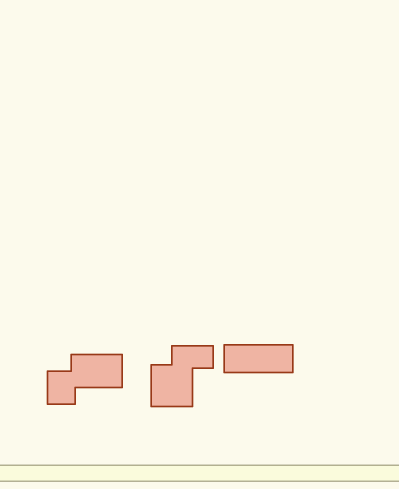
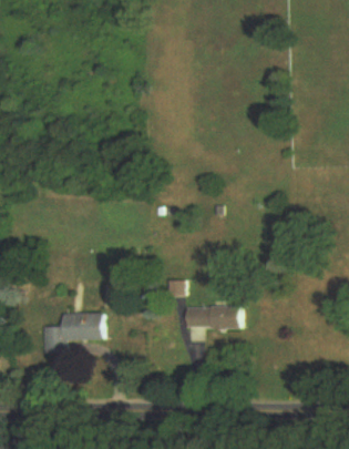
building: [151,346,213,406] -> none

